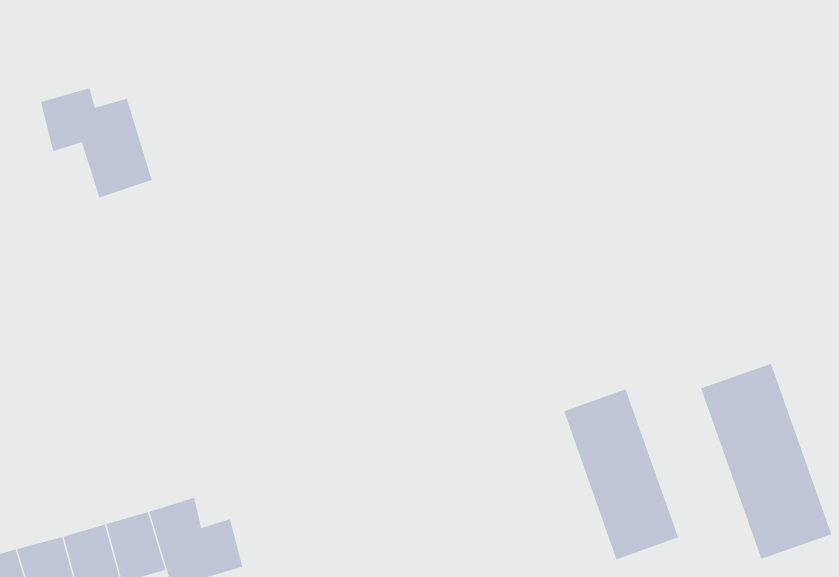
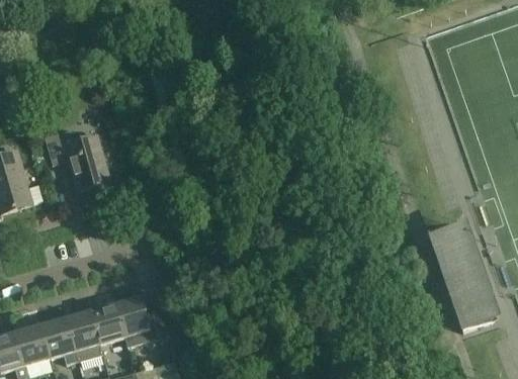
building: [40,88,153,198] -> [46,128,109,191]
building: [563,389,679,560] -> none

